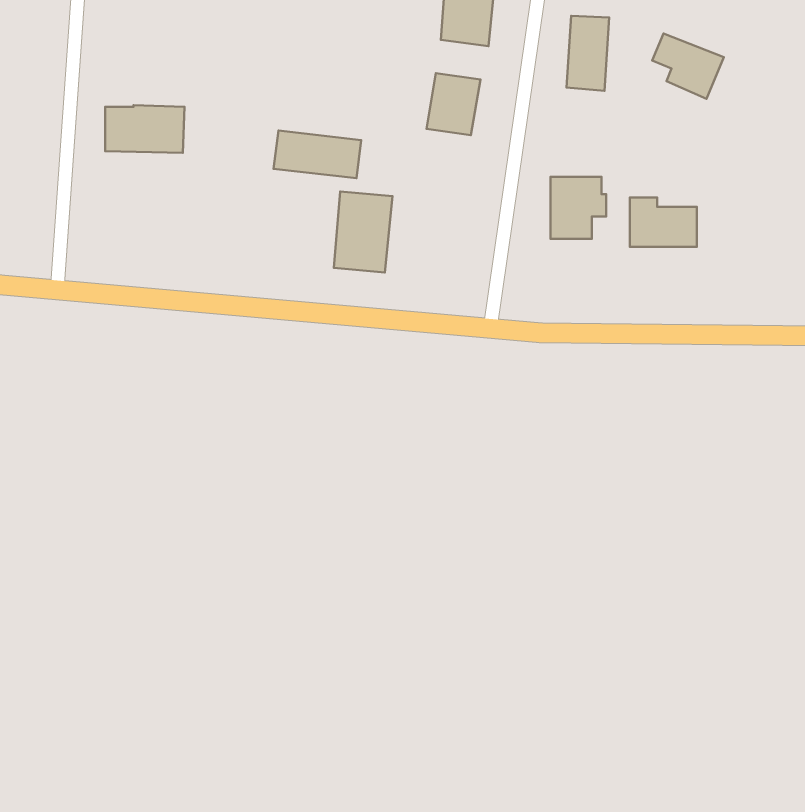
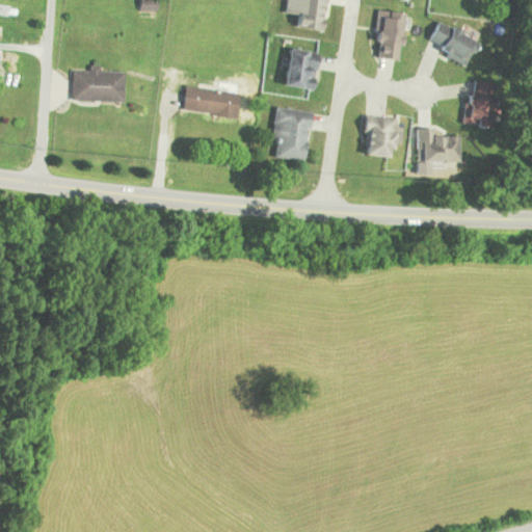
building: none -> [466,79,497,127]
building: [334,191,393,273] -> [273,107,312,160]

